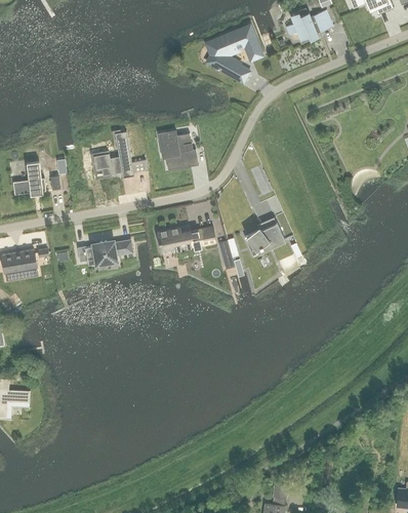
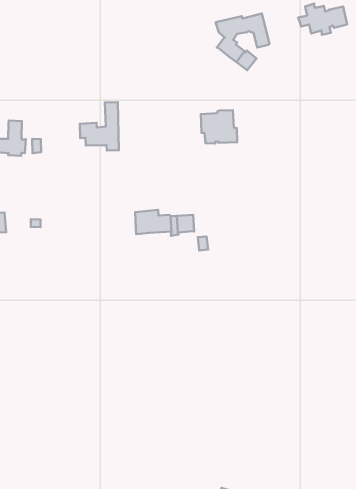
building: [159,131,197,166] -> [201,110,237,143]
building: [244,216,284,255] -> none
building: [77,240,131,268] -> none

